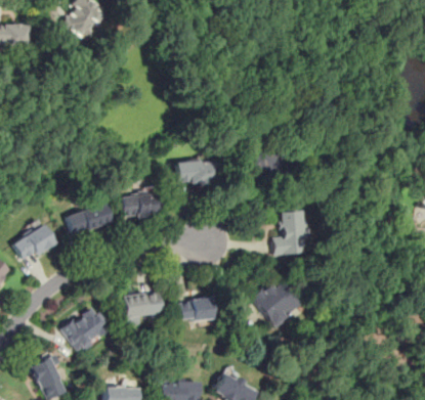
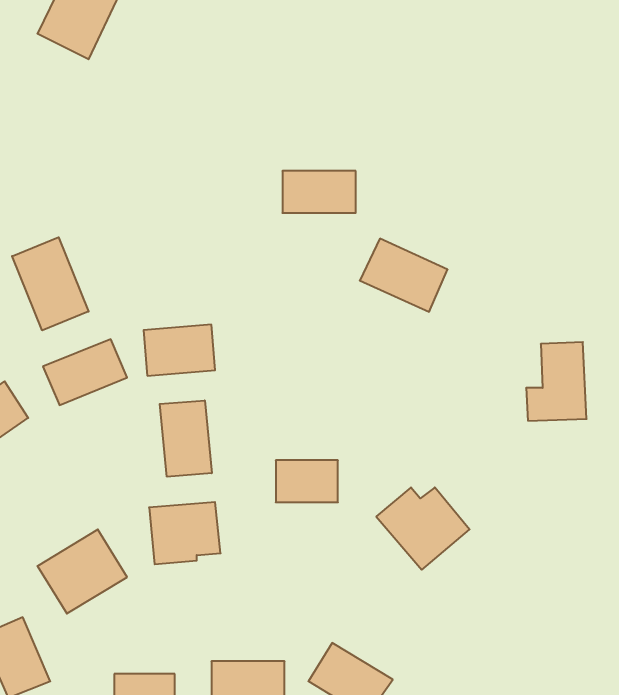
building: none -> [12,237,89,330]
building: [176,161,217,184] -> [282,171,356,213]
building: [273,211,307,255] -> [526,342,587,421]
building: none -> [160,400,212,477]
building: [179,298,214,321] -> [276,460,338,502]

